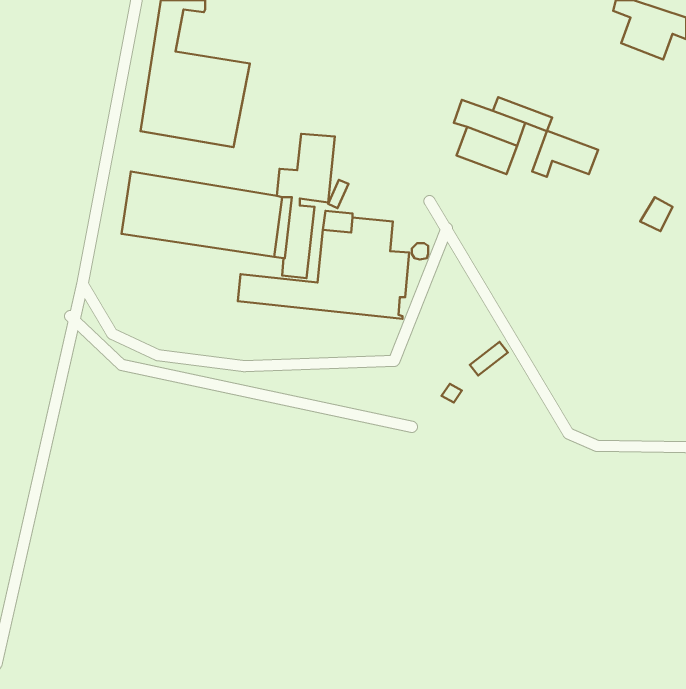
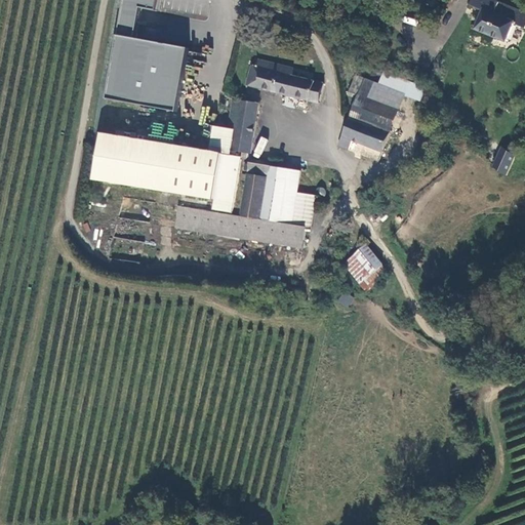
building: none -> [242,60,318,104]
building: [532,131,598,177] -> [334,119,385,154]
building: none -> [340,241,379,278]

